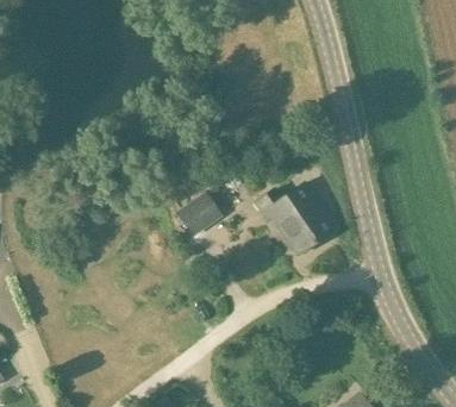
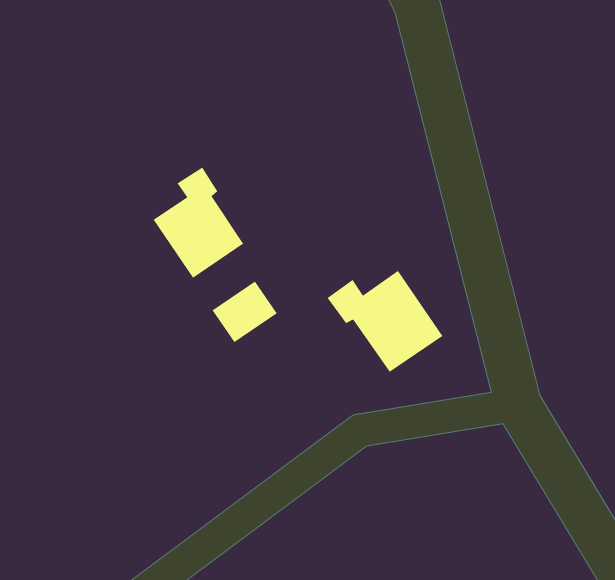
building: none -> [152,167,244,279]

